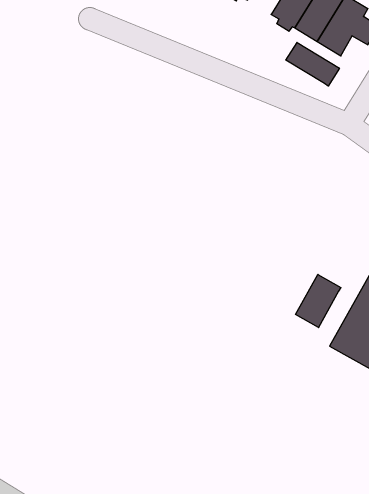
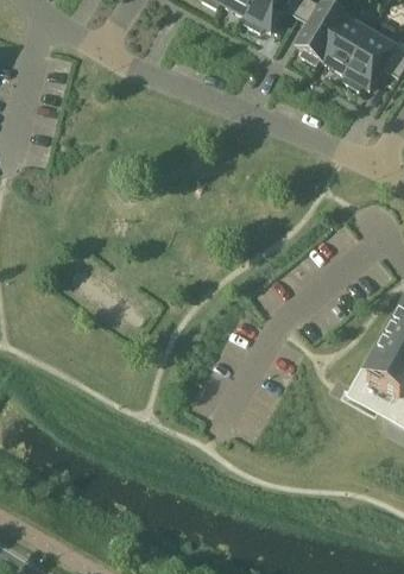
building: [286,42,339,86] -> none
building: [296,274,341,328] -> none

